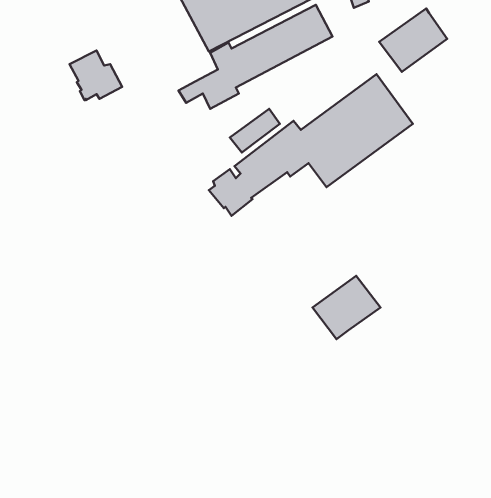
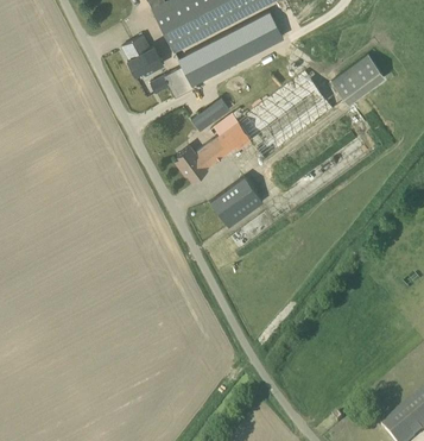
building: [379,9,447,72] -> [330,53,384,103]
building: [69,51,122,100] -> [121,34,163,74]
building: [312,276,380,339] -> [209,176,262,226]

